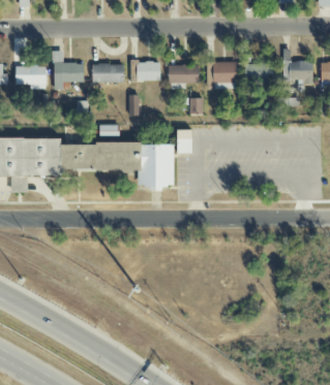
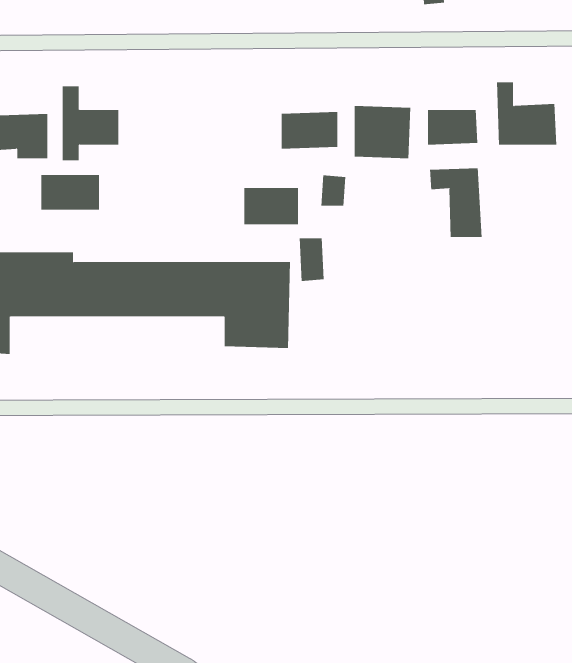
building: [131,61,160,81] -> [243,187,299,225]
building: [93,63,124,82] -> [40,175,100,210]
building: none -> [430,167,482,238]

